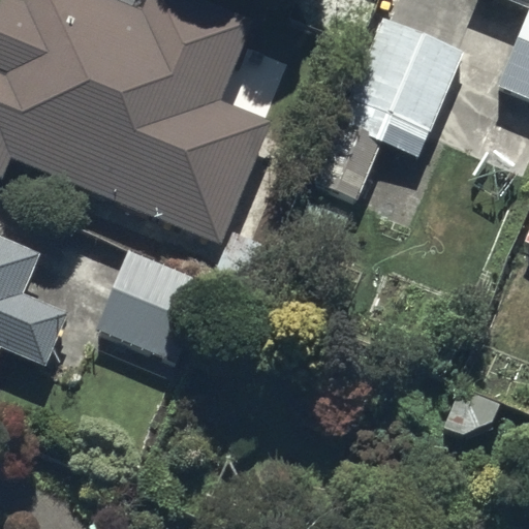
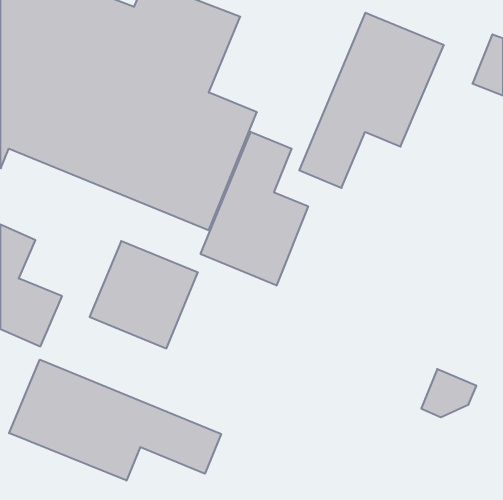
building: none -> [201,132,308,286]
building: none -> [9,360,221,481]

